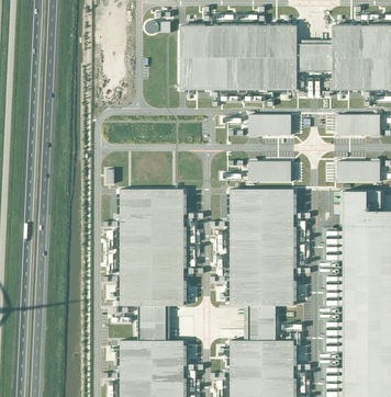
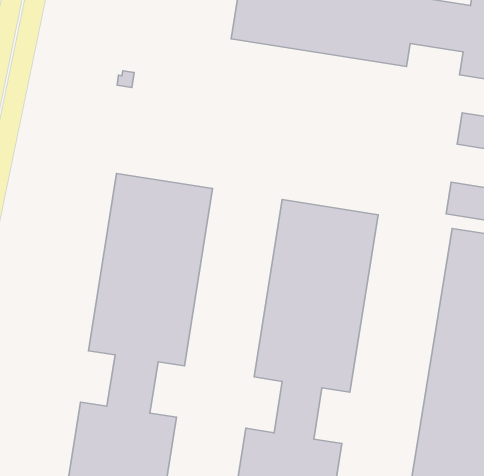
building: [249,114,291,135] -> none
building: [248,160,291,181] -> none

